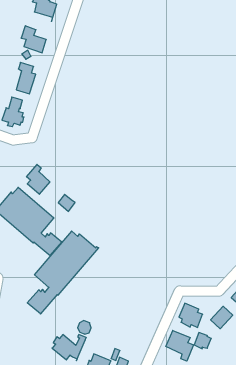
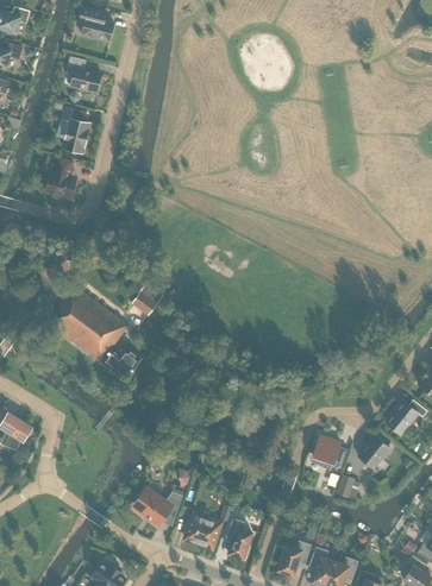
building: [27,164,50,194] -> none
building: [27,231,99,314] -> none
building: [166,330,194,361] -> none

